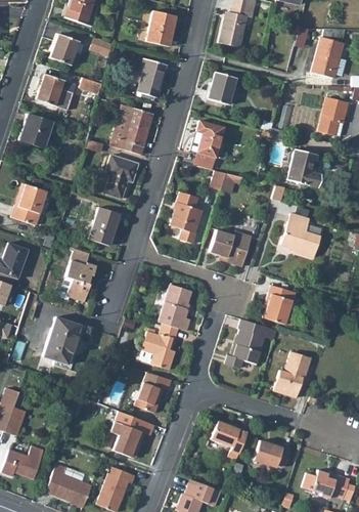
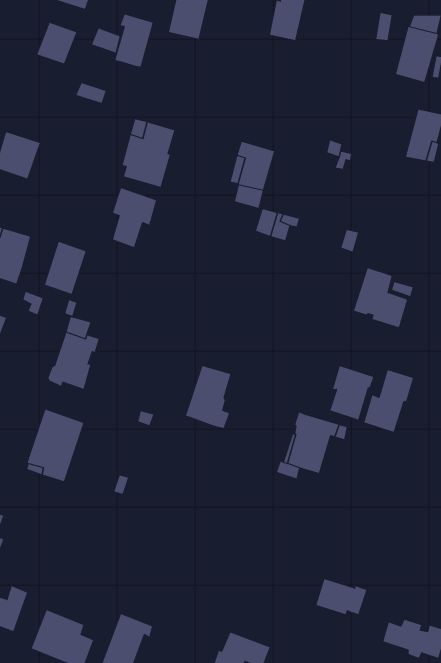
building: [138,58,167,97] -> [114,14,154,67]
building: [208,72,236,104] -> none
building: [36,74,74,111] -> none
building: [287,150,321,187] -> none
building: [170,191,203,244] -> none
building: [89,207,120,246] -> [44,241,86,294]
building: [210,229,252,266] -> none
building: [139,323,179,370] -> none
building: [274,351,311,397] -> [363,369,414,432]
building: [135,372,172,413] -> none
building: [110,412,154,459] -> none
building: [211,419,248,460] -> none

